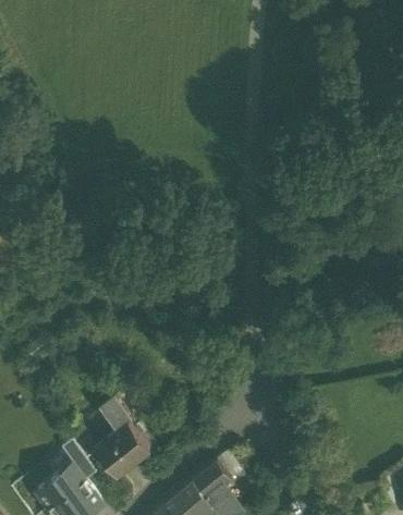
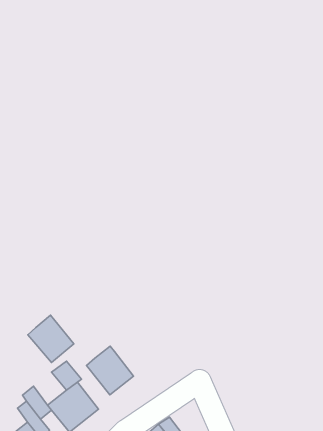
building: none -> [28,315,74,363]
building: none -> [86,346,133,395]

